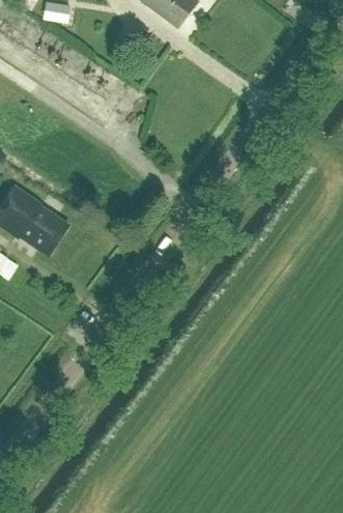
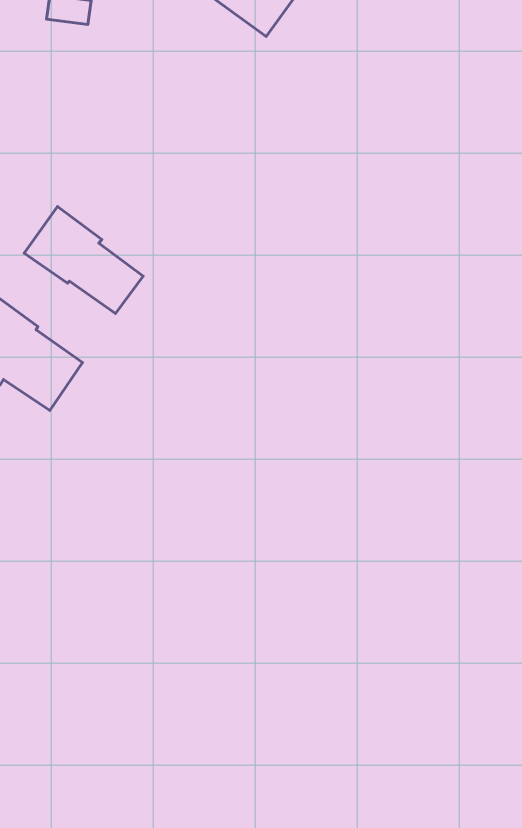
building: none -> [24,206,143,314]

